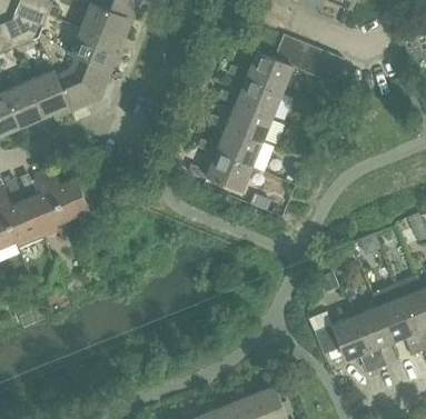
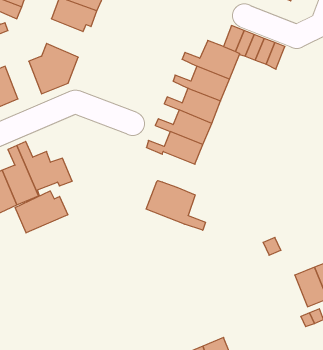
building: [70,27,118,70] -> none
building: [29,69,70,118] -> none
building: none -> [146,181,206,230]
building: none -> [15,191,68,233]
building: [333,315,369,359] -> none

